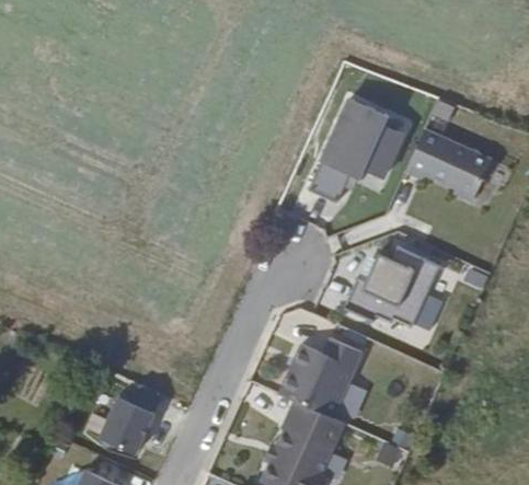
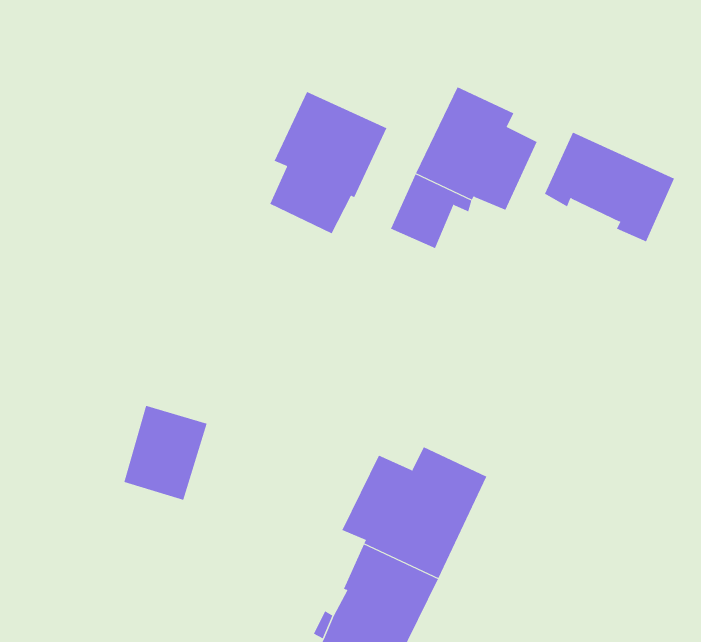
building: none -> [269,91,387,234]
building: [346,246,441,326] -> none
building: [102,391,157,453] -> [124,405,207,501]

